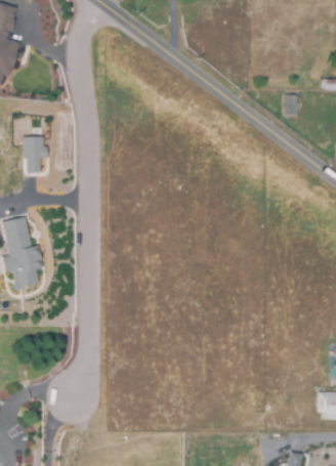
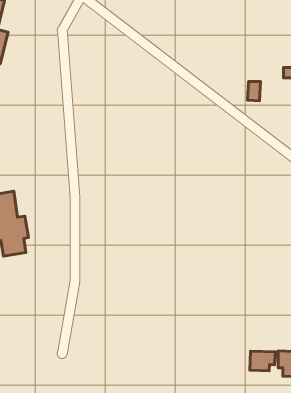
building: [23,135,47,172] -> none
building: none -> [250,351,276,371]

